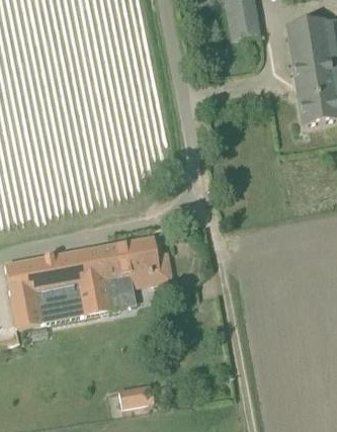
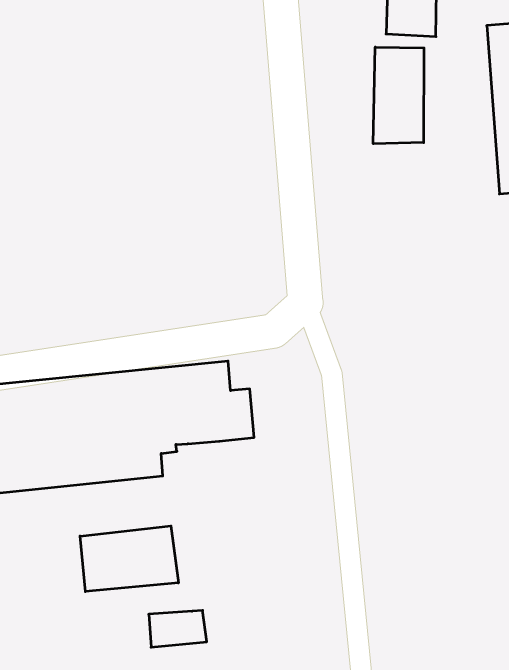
building: none -> [373,47,424,144]
building: none -> [80,526,178,592]

